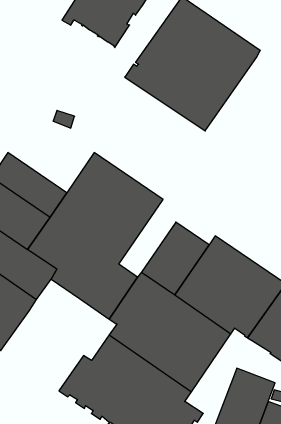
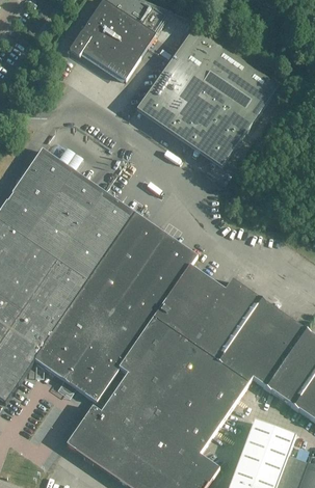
building: none -> [11,147,103,234]
building: none -> [129,241,196,323]
building: none -> [34,325,119,401]

